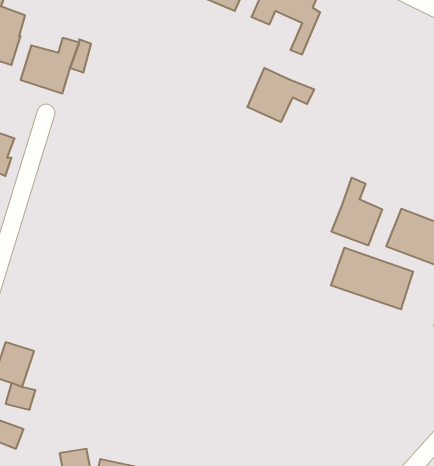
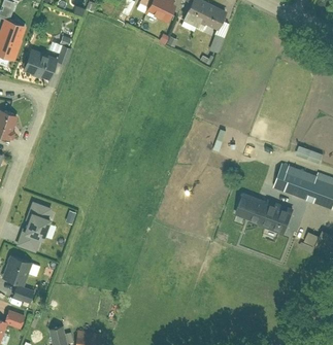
building: [247,68,314,122] -> none
building: [332,178,382,245] -> none
building: none -> [14,208,51,251]

